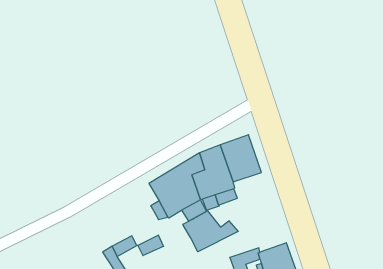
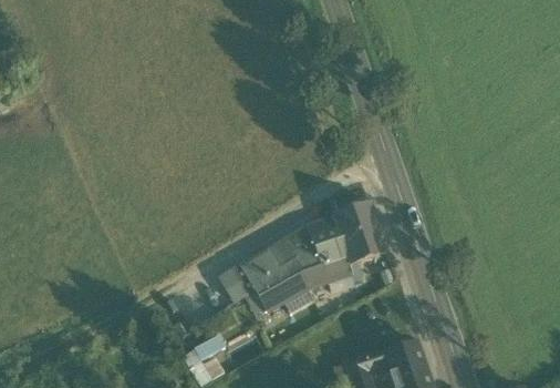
building: none -> [220,266,253,299]
building: [183,211,238,252] -> none

